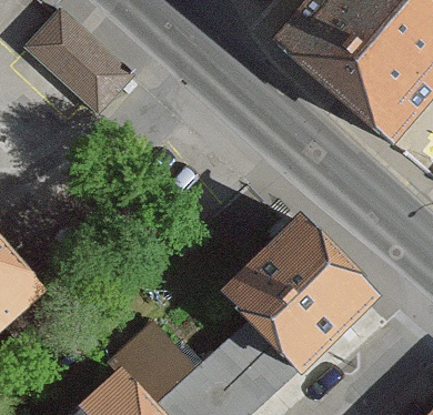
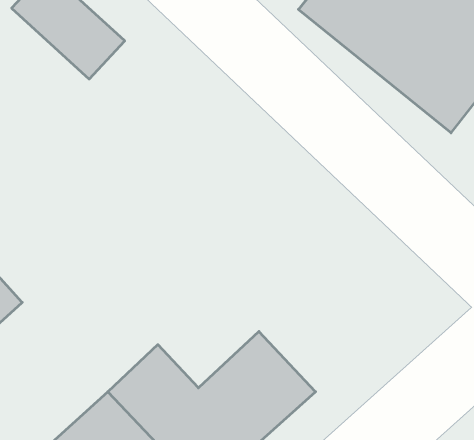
building: [223,221,372,370] -> none

